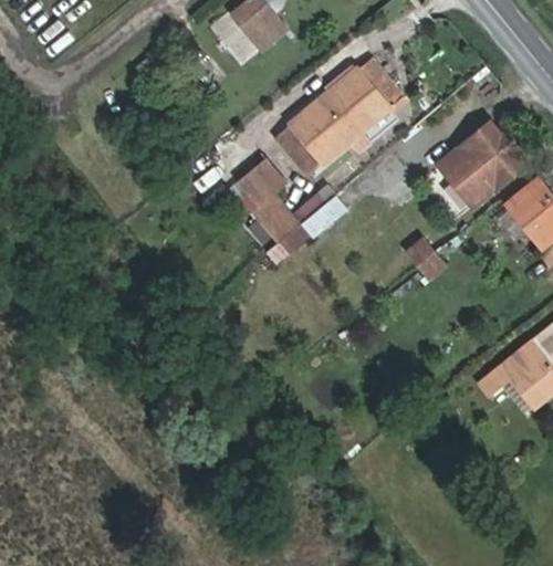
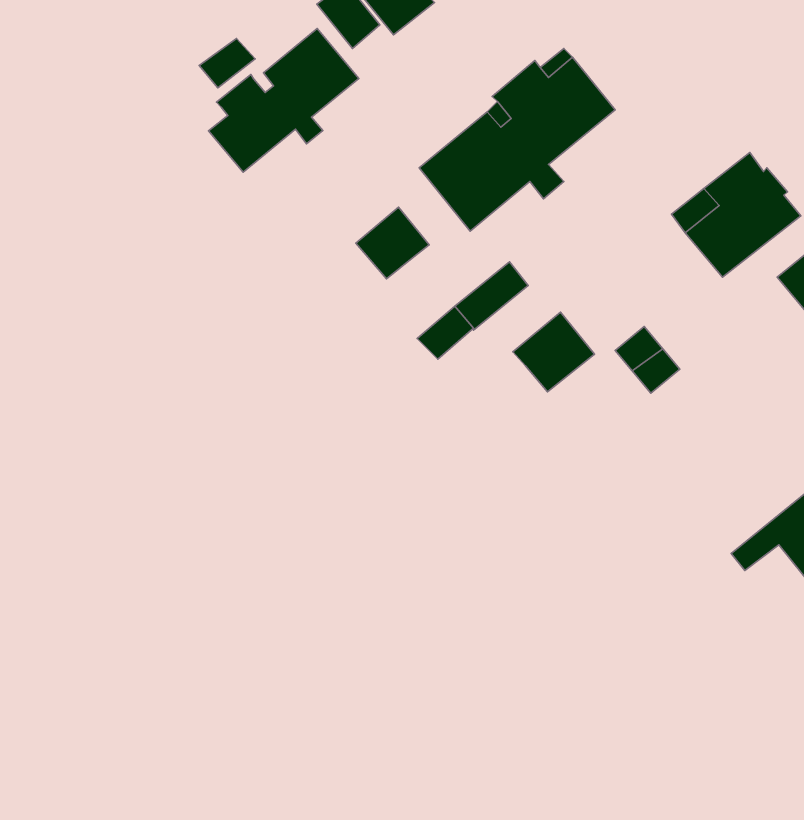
building: none -> [208,29,359,172]
building: [248,191,300,244] -> none
building: none -> [513,312,594,392]

